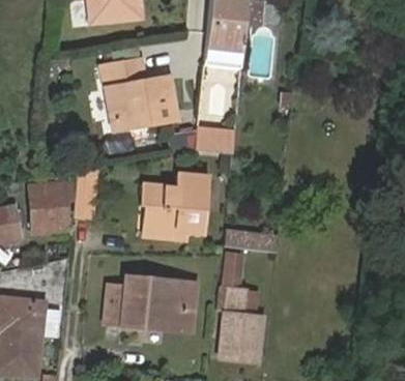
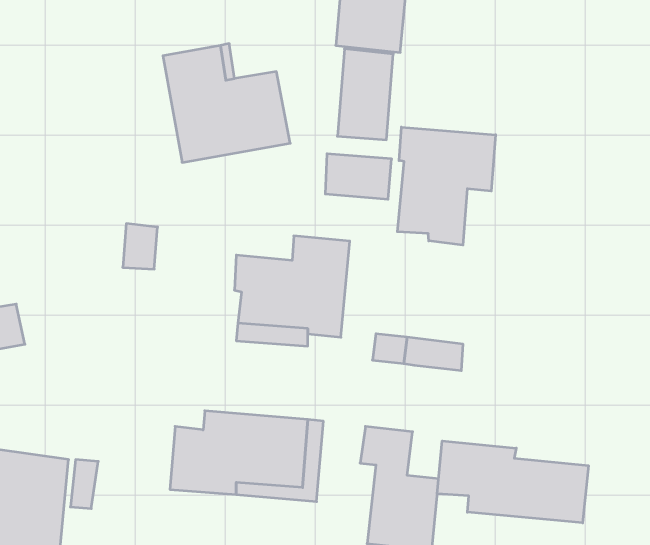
building: none -> [397,127,496,245]
building: [28,180,74,231] -> none
building: none -> [437,441,588,523]

